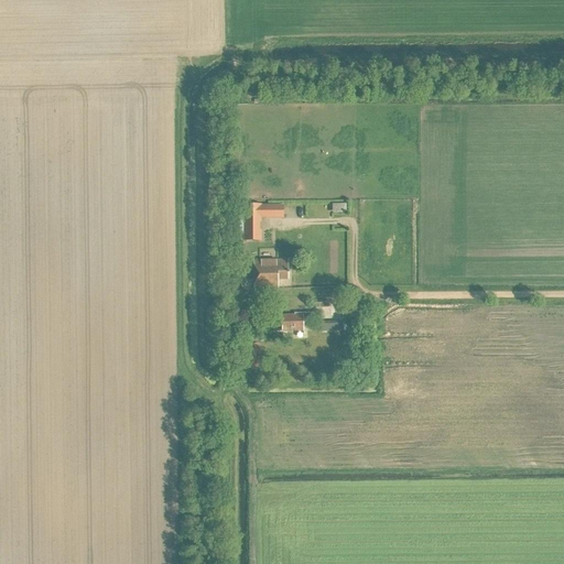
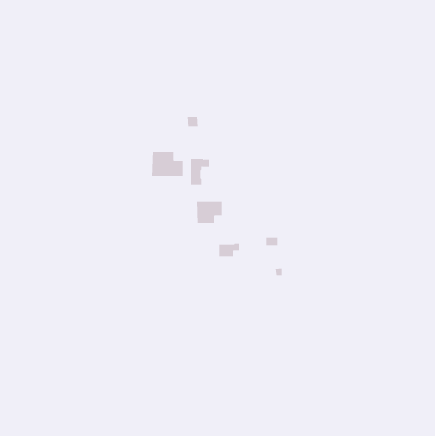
building: none -> [151,151,183,177]

